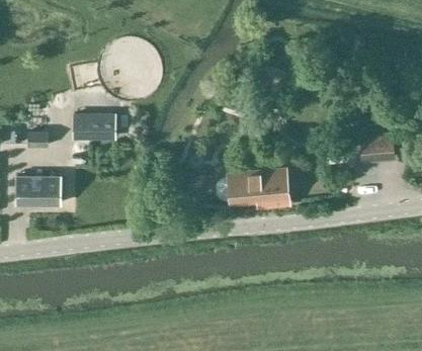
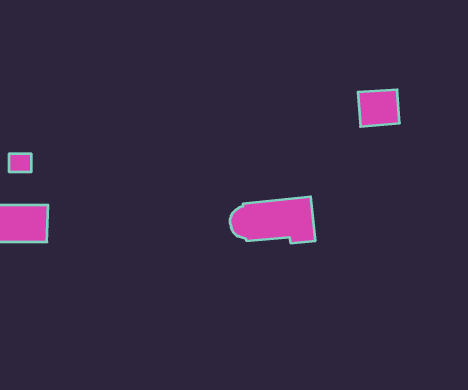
building: [73,113,114,141] -> none
building: [360,134,396,165] -> [358,90,400,127]

